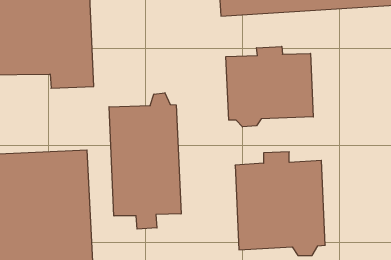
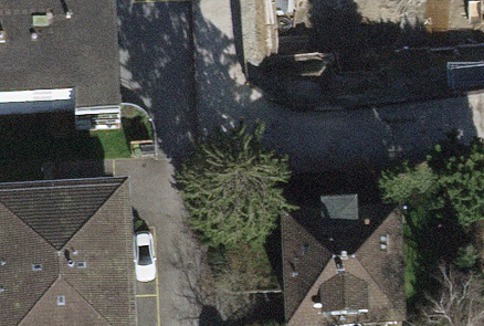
building: [226,46,313,127] -> none
building: [109,93,181,229] -> none

